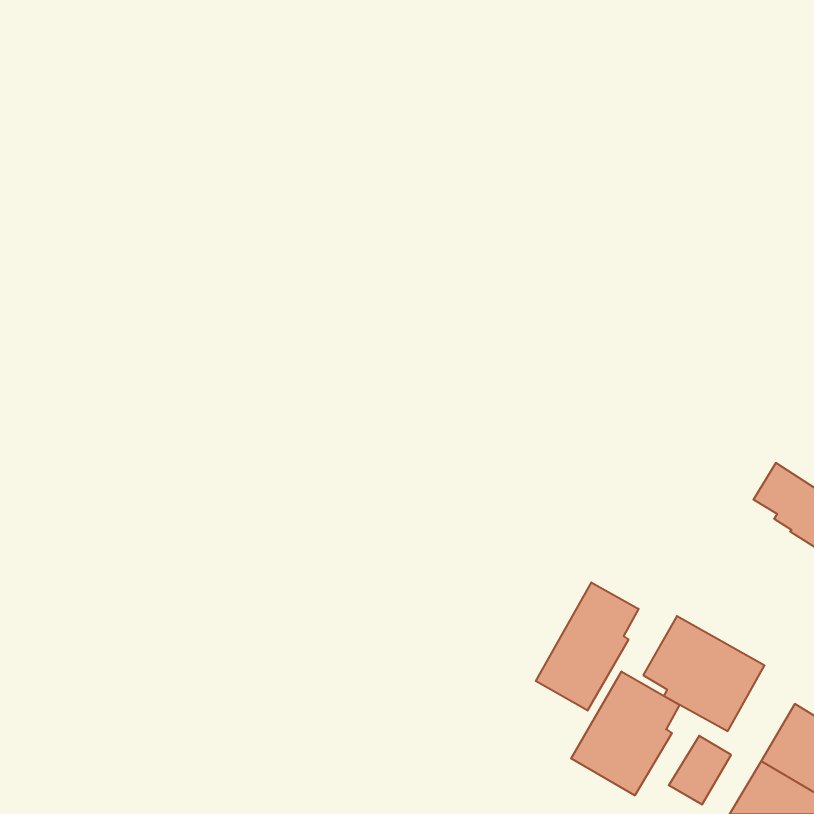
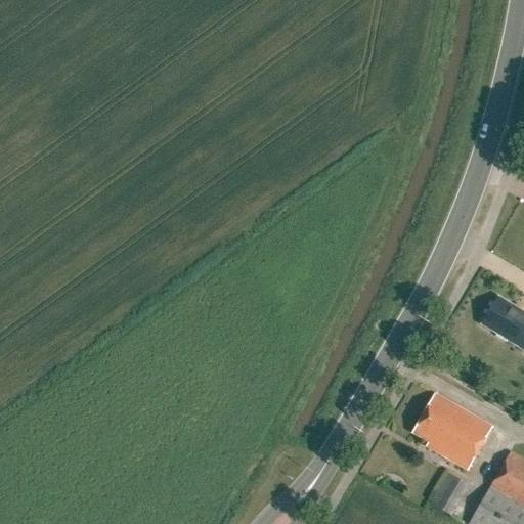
building: [536,582,639,711] -> none
building: [571,671,679,795] -> none

